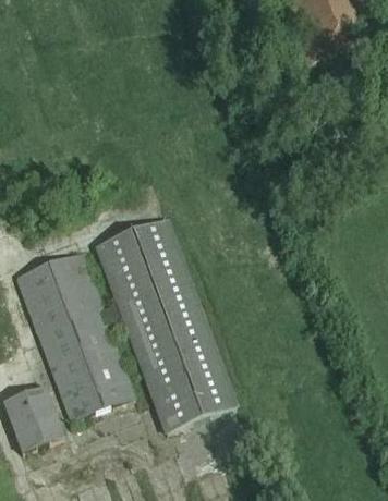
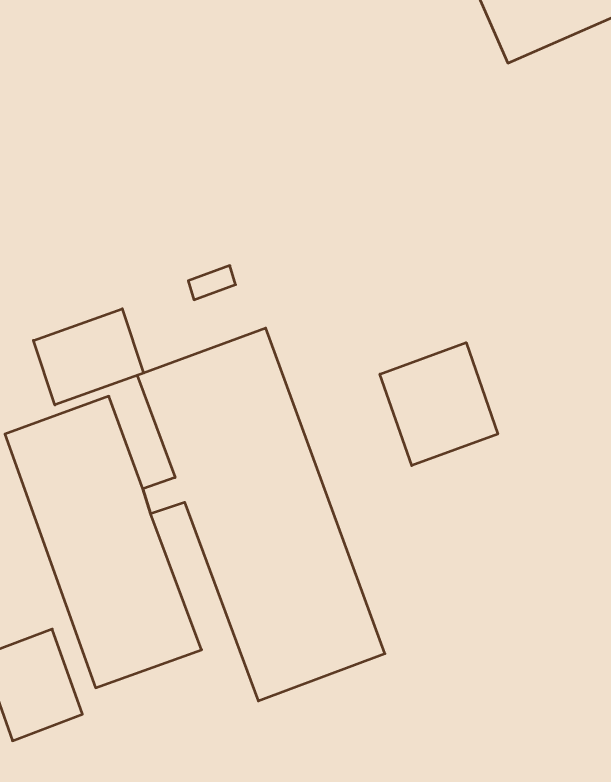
building: none -> [33,309,144,405]
building: none -> [380,343,498,466]

